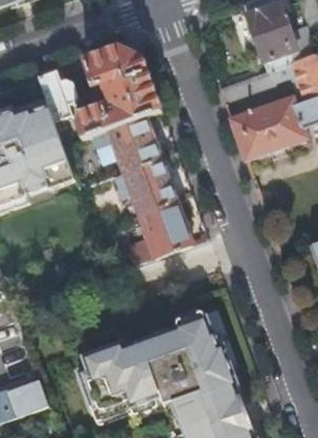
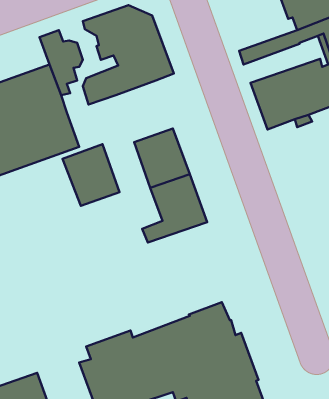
building: [109,115,161,171] -> [62,144,120,206]

